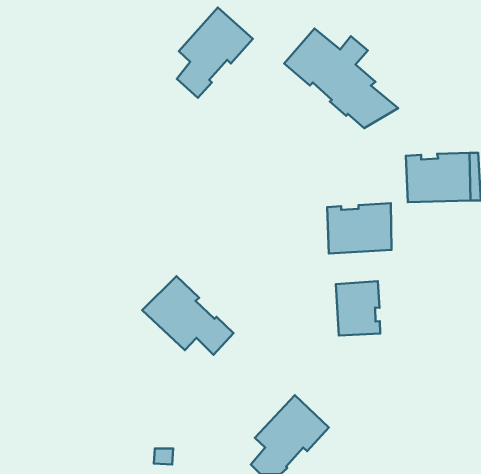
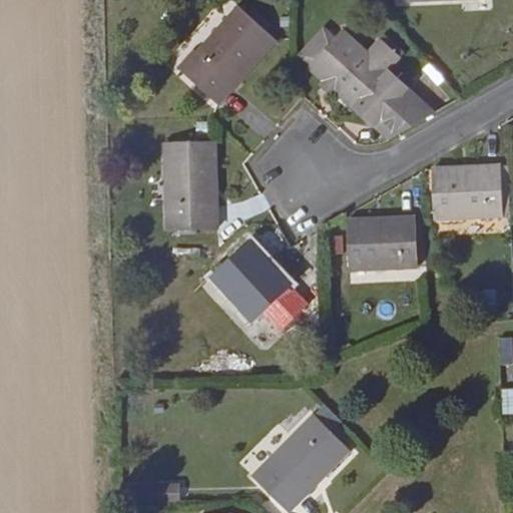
building: none -> [160,145,212,231]
building: [142,276,233,355] -> [209,245,306,329]
building: [336,281,380,336] -> none

